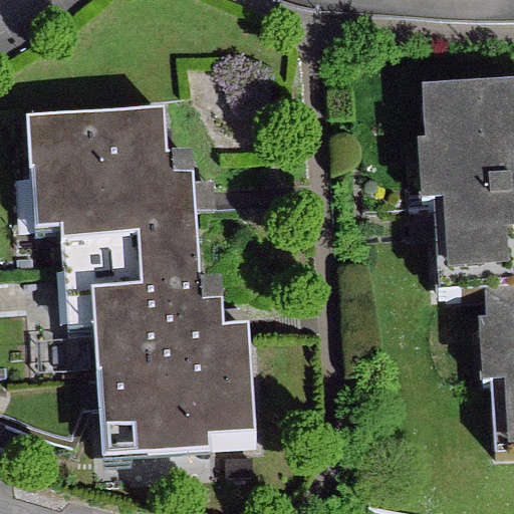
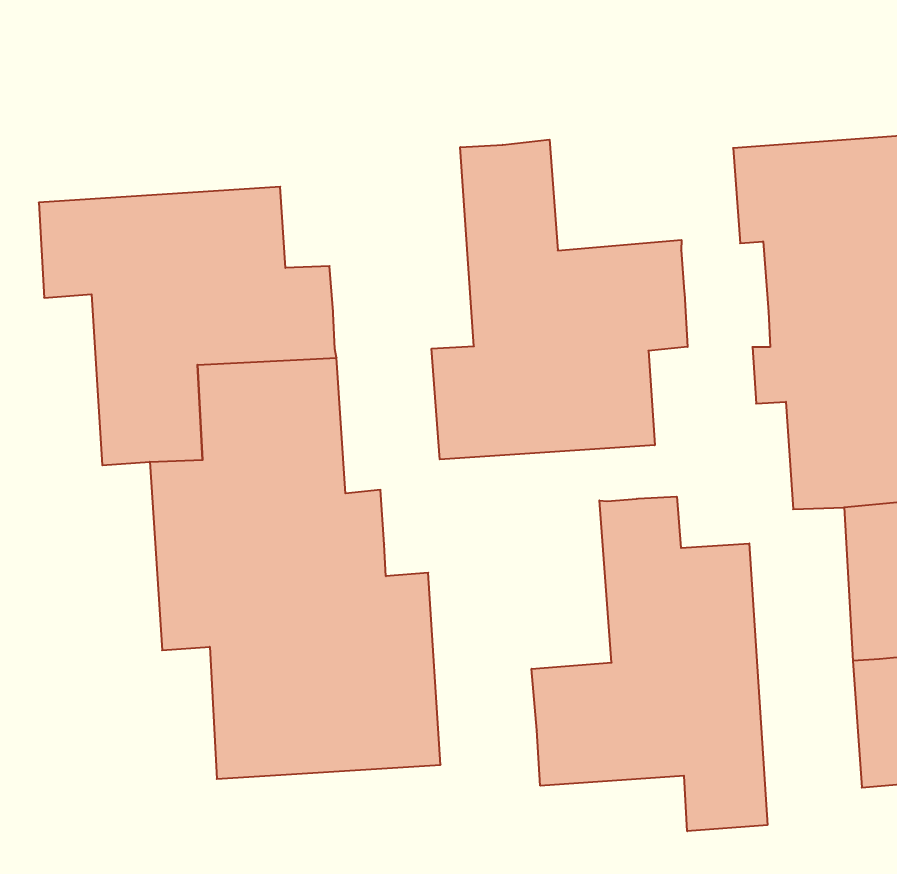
building: none -> [432,140,688,459]
building: none -> [532,497,767,831]

